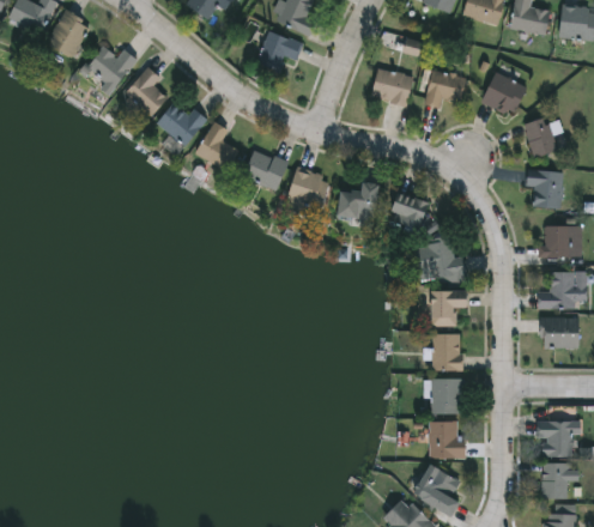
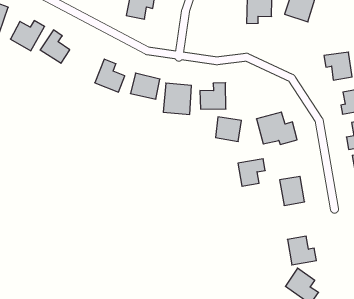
building: [370,68,413,105] -> none
building: [157,103,206,146] -> none
building: [522,117,557,158] -> none
building: [389,192,430,231] -> [216,117,241,141]
building: [431,292,468,326] -> [238,159,265,186]
building: [430,380,463,414] -> none

